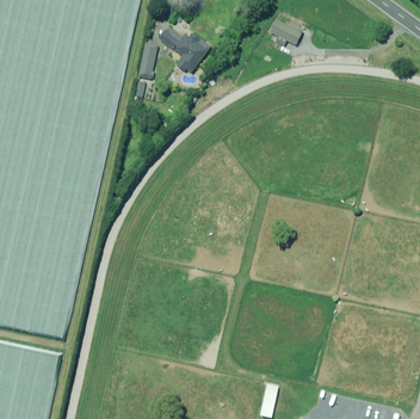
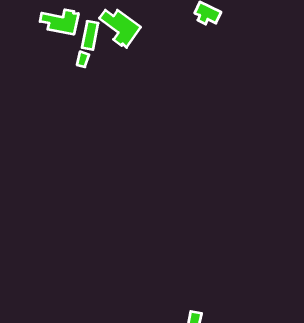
building: none -> [40,10,78,34]

